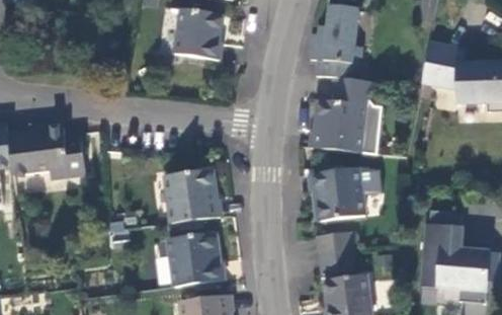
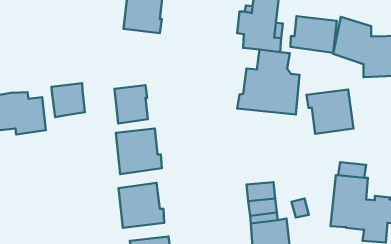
building: none -> [290,16,337,53]
building: none -> [51,83,85,117]
building: none -> [114,85,148,124]
building: [309,168,363,220] -> [307,90,353,134]

